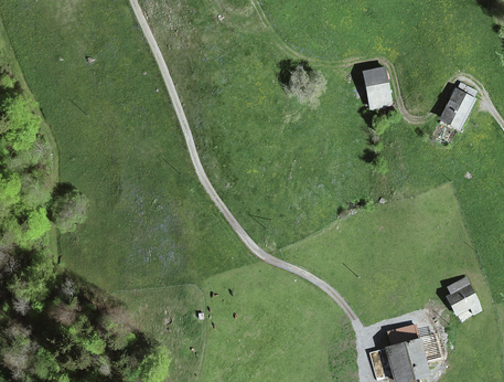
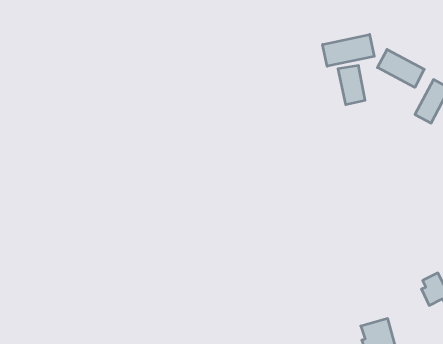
building: none -> [323,34,374,66]
building: none -> [377,49,424,87]

